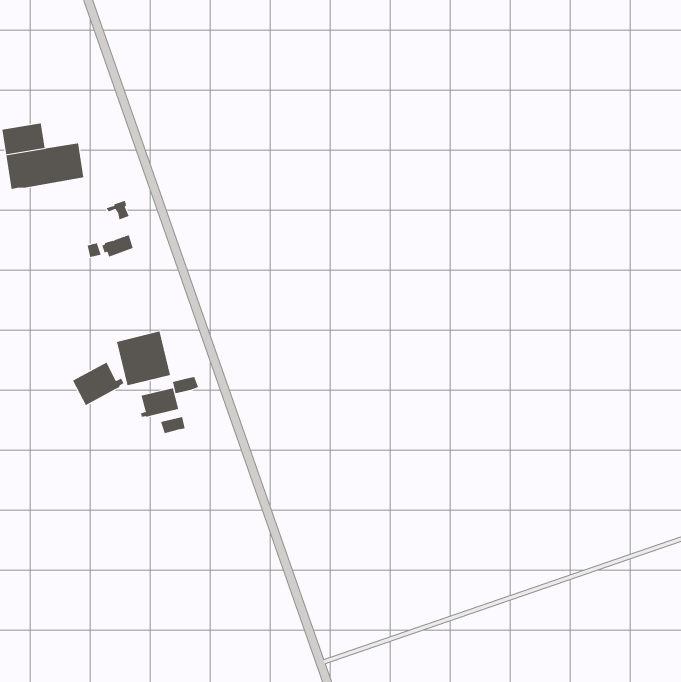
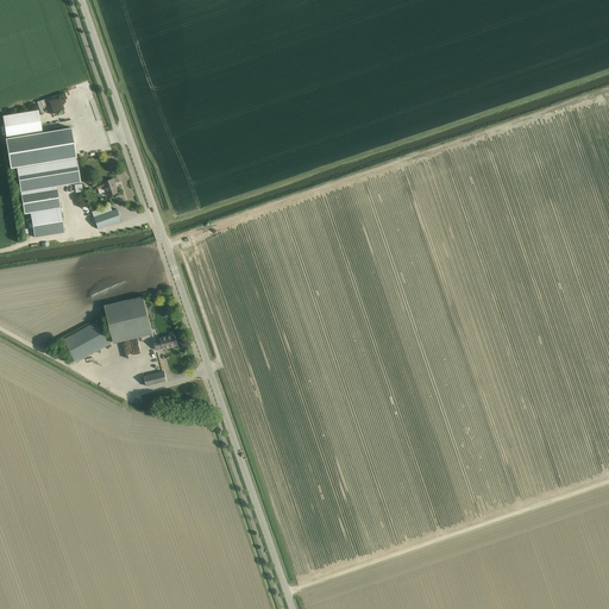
building: none -> [15,158,80,238]
building: [140,387,179,418] -> none

